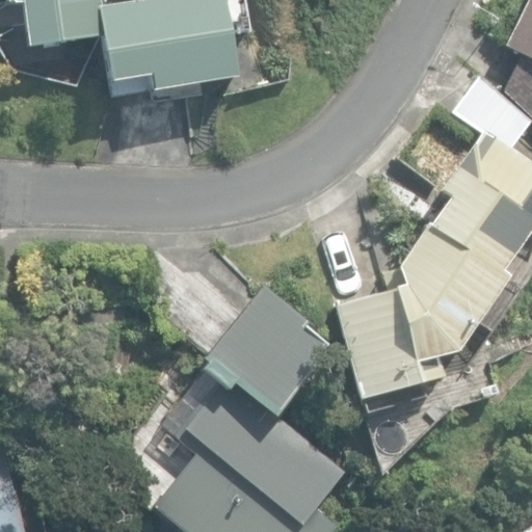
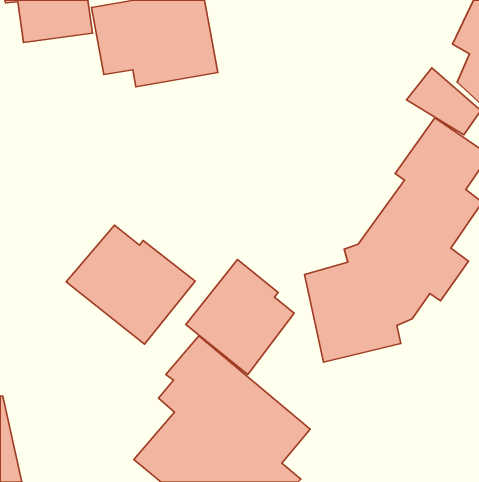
building: none -> [66,225,195,344]

